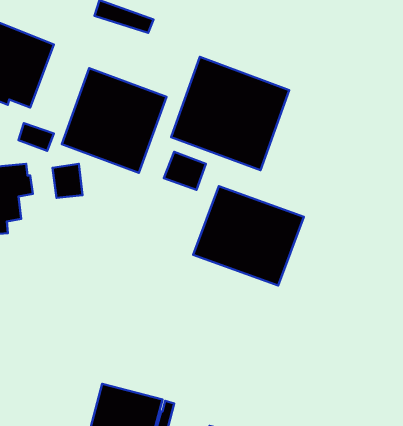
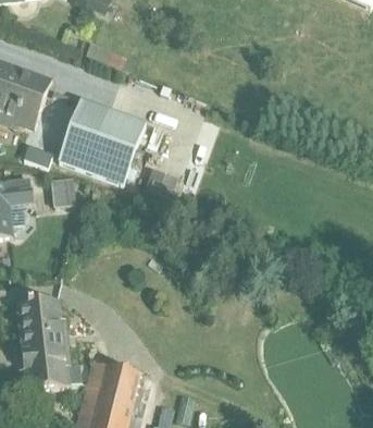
building: [171,57,289,170] -> none
building: [193,186,304,286] -> none
building: none -> [17,298,80,390]

